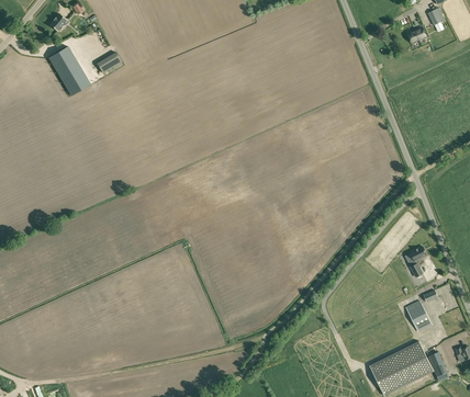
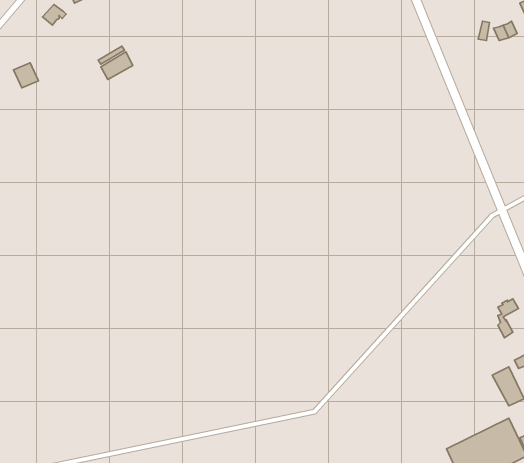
building: [49,46,90,95] -> none

